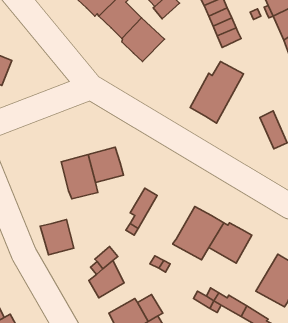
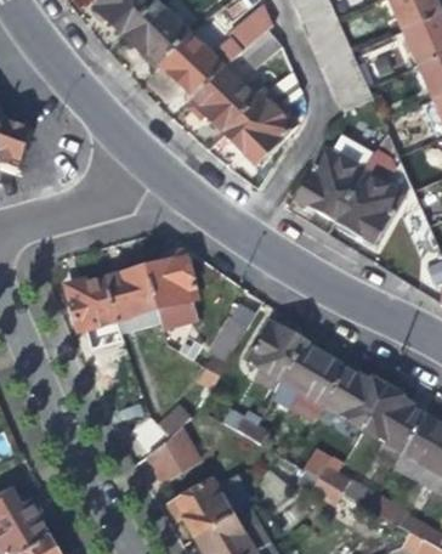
building: none -> [225,90,295,162]
building: none -> [334,148,402,243]
building: none -> [246,320,305,392]
building: [40,219,74,255] -> [66,278,115,330]
building: none -> [363,386,425,469]

